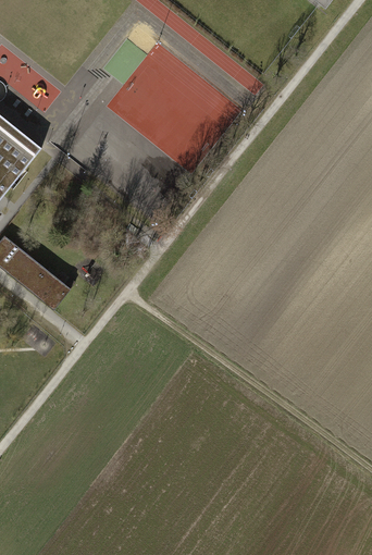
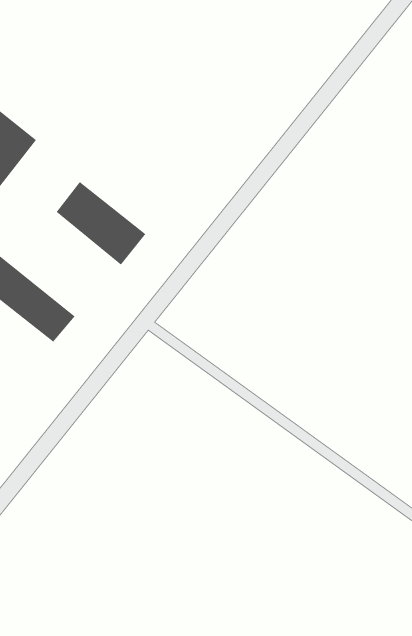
building: none -> [56,181,146,265]

